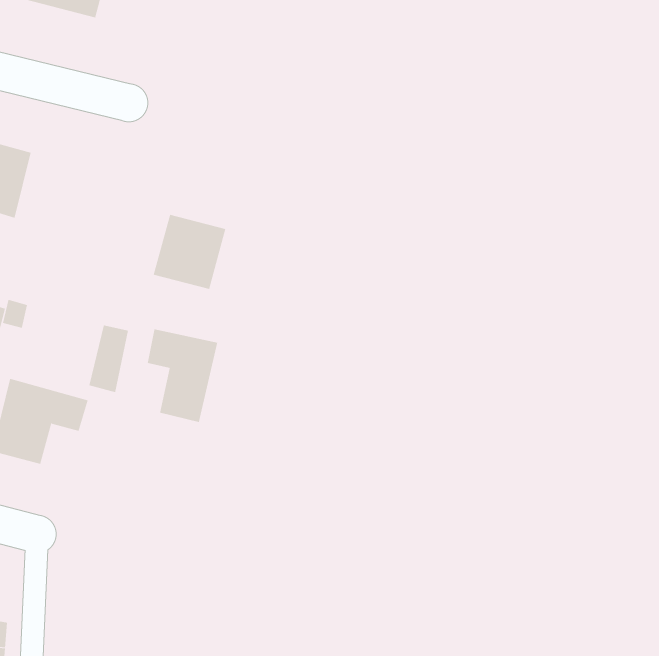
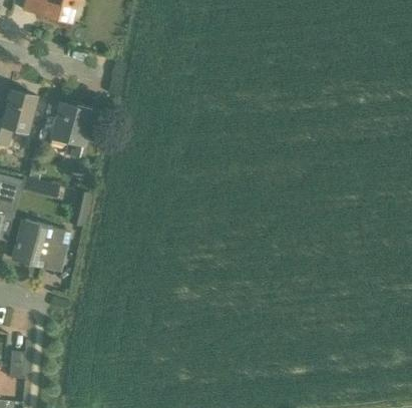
building: [153,214,226,289] -> [52,102,92,143]
building: [147,328,218,423] -> none

